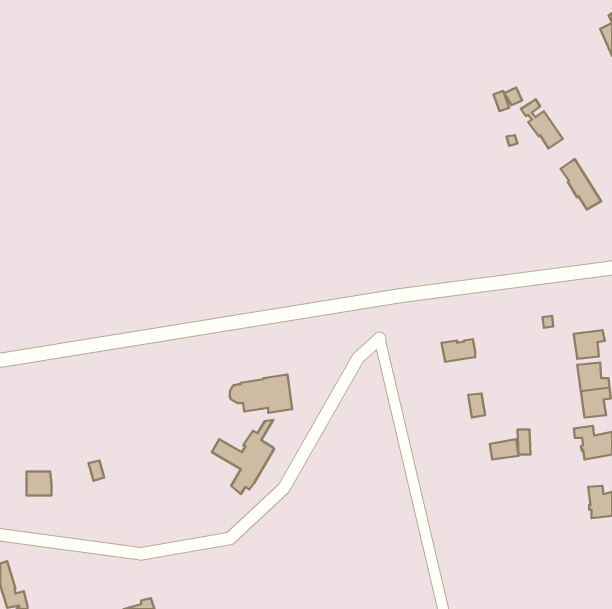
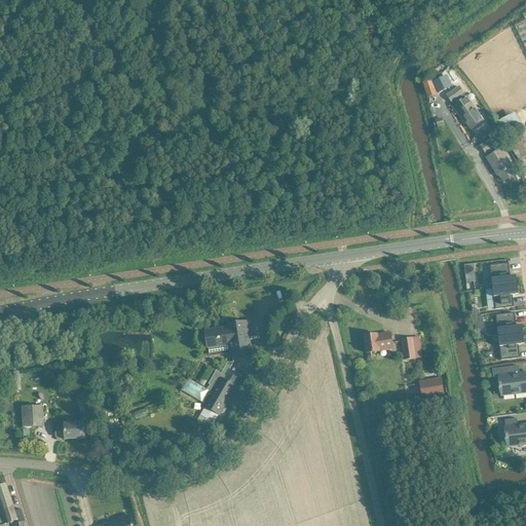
building: none -> [490,262,517,287]
building: [442,339,475,362] -> [364,332,392,351]
building: none -> [55,421,85,438]

